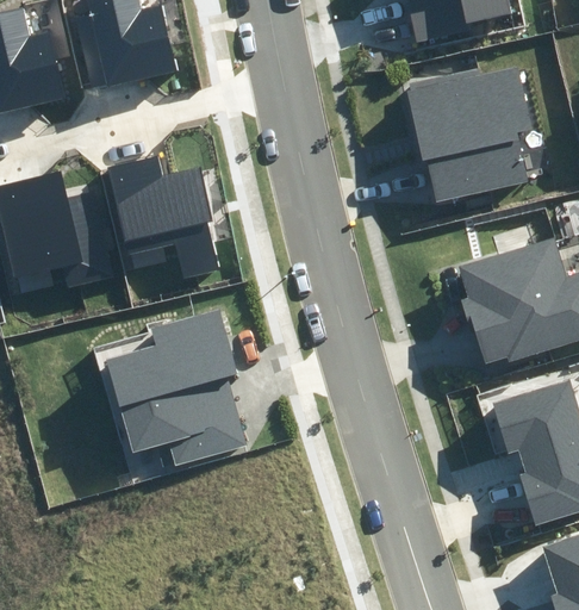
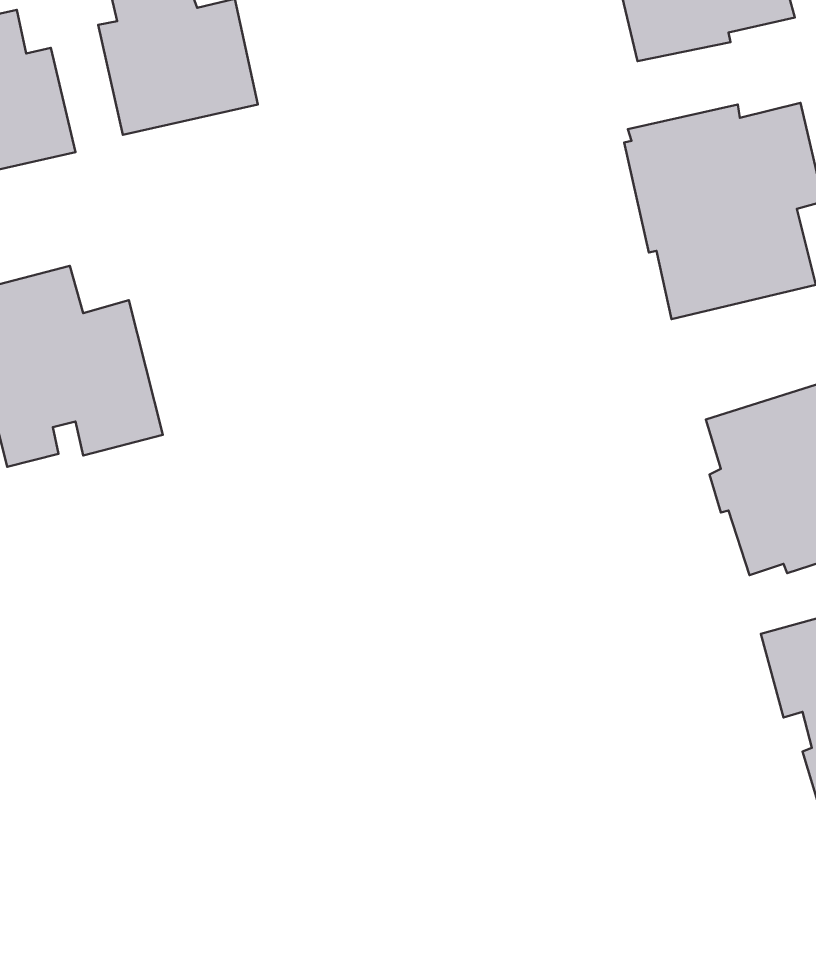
building: [108,156,218,279] -> none
building: [106,310,248,467] -> none

